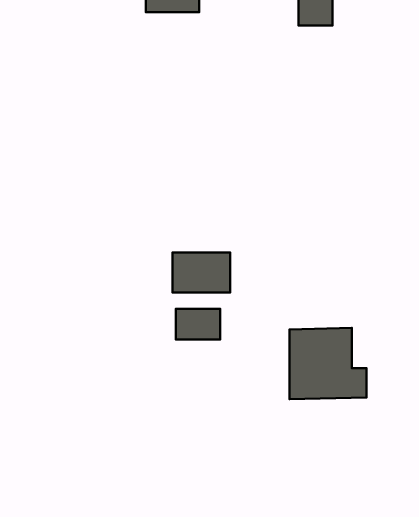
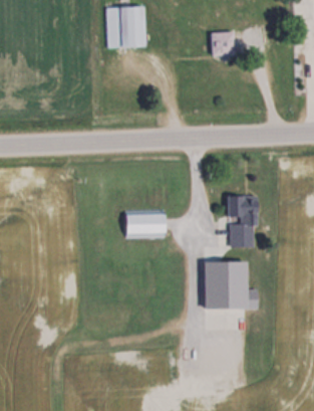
building: none -> [229,196,256,246]
building: [176,309,220,339] -> none

